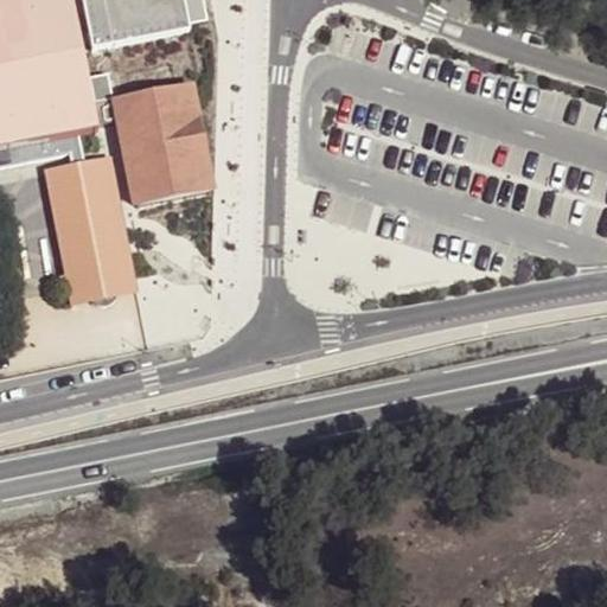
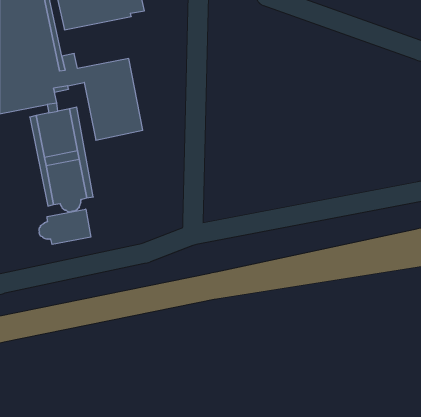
building: none -> [39,209,91,244]

